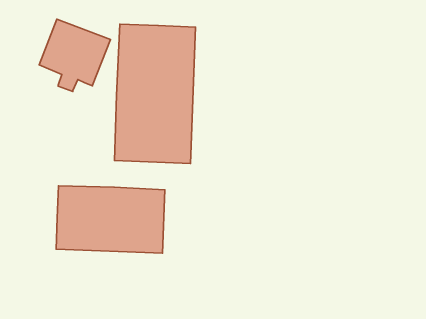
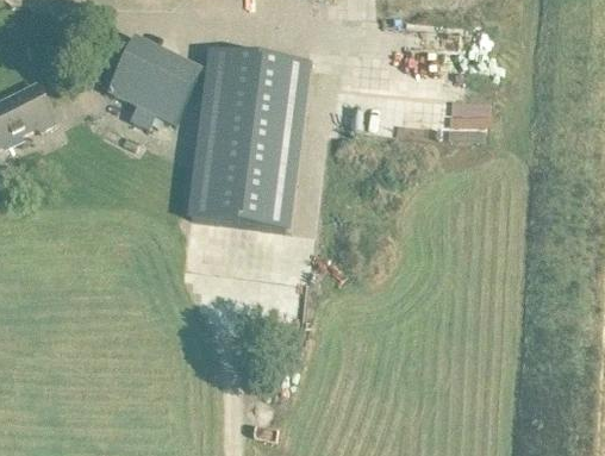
building: [56,186,165,253] -> none

